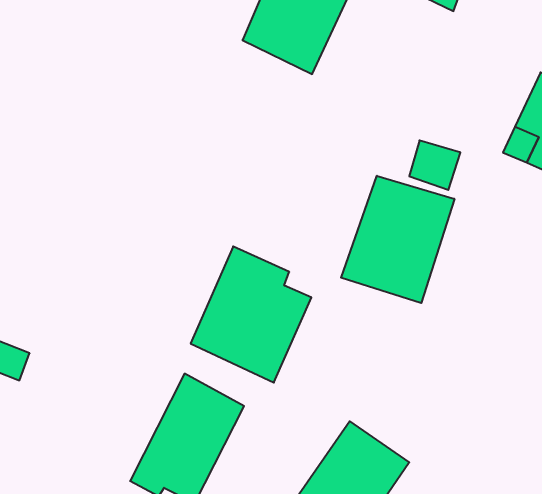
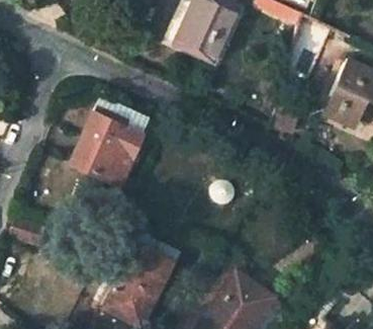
building: [341,176,454,303] -> none
building: [191,246,311,383] -> [72,104,144,185]

